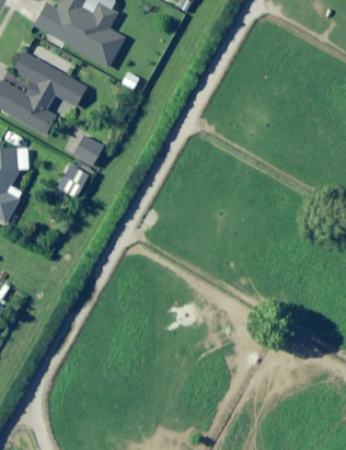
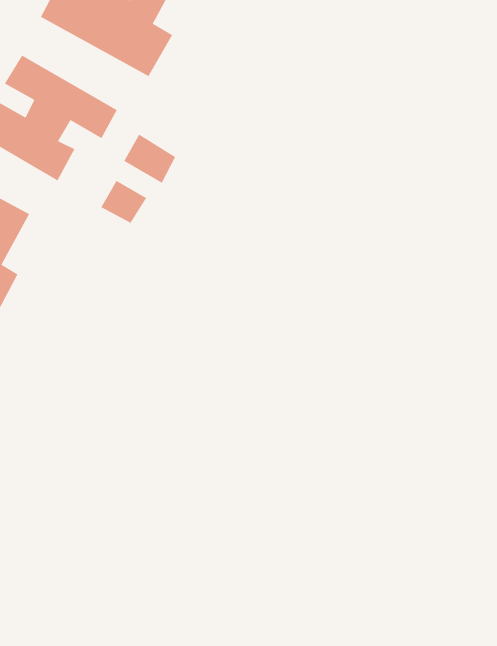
building: none -> [123,134,176,184]
building: [59,162,91,196] -> none

